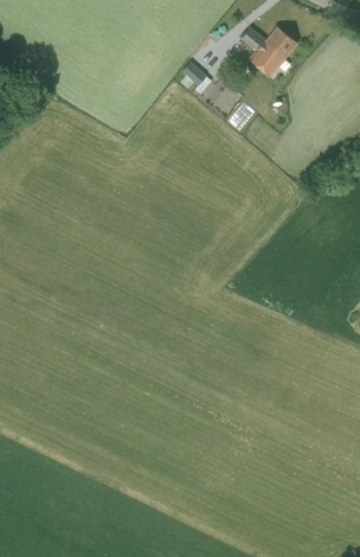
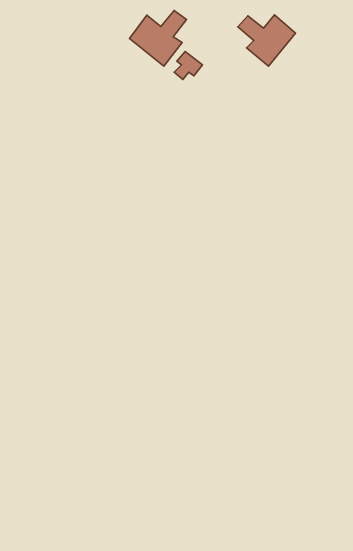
building: none -> [130,11,187,66]

